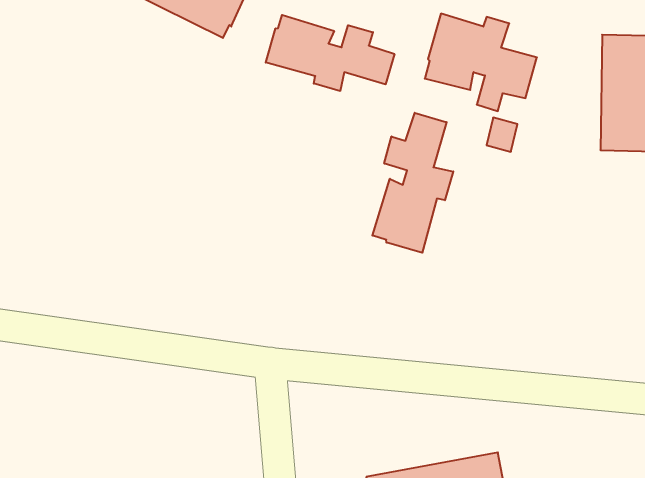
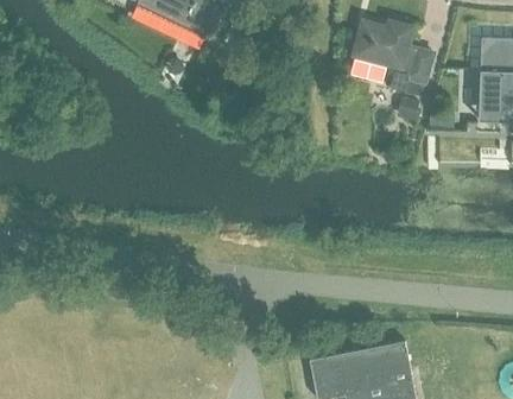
building: [266,15,394,91] -> none
building: [372,113,453,253] -> none

